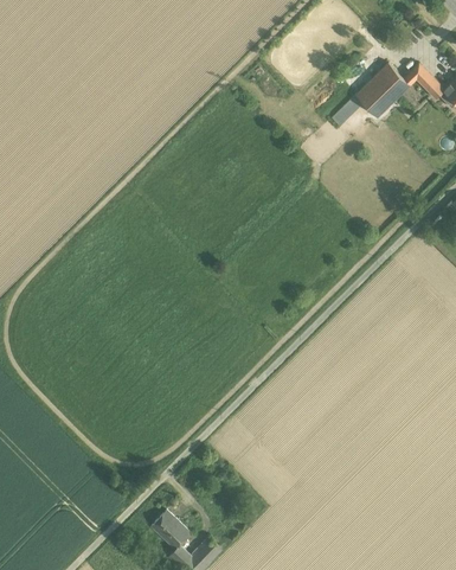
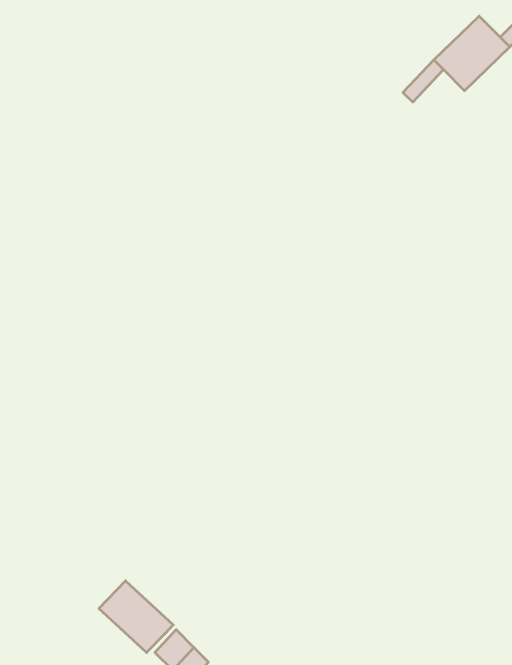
building: none -> [99,581,173,653]

